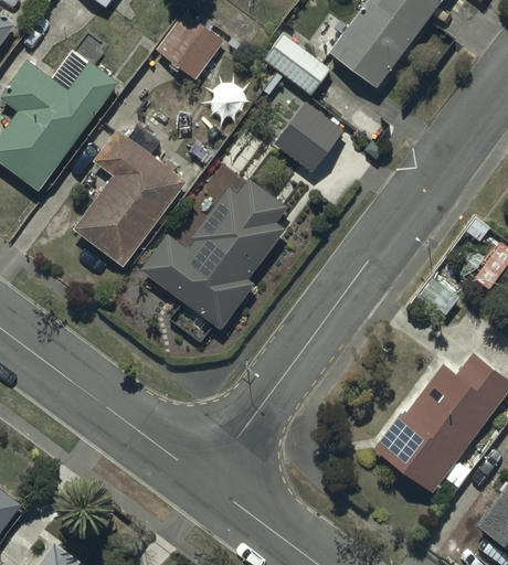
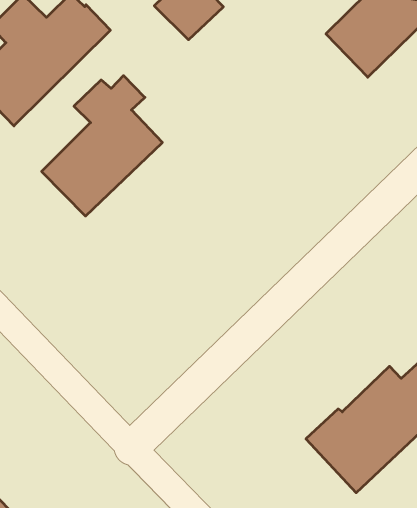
building: [261,33,329,97] -> none
building: [272,102,342,173] -> none
building: [140,179,285,329] -> none

